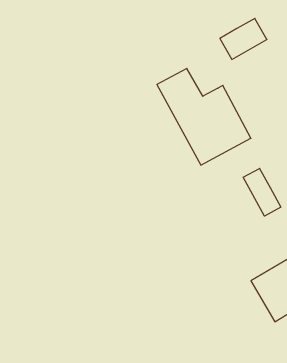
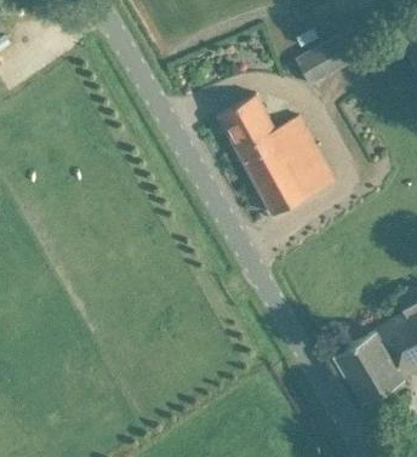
building: [243,168,281,216] -> none

